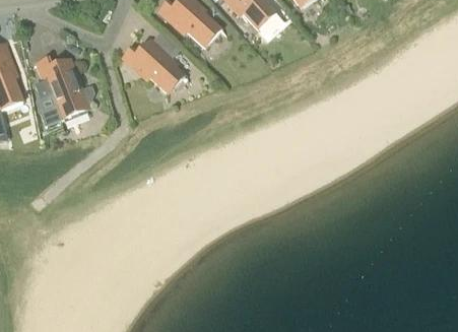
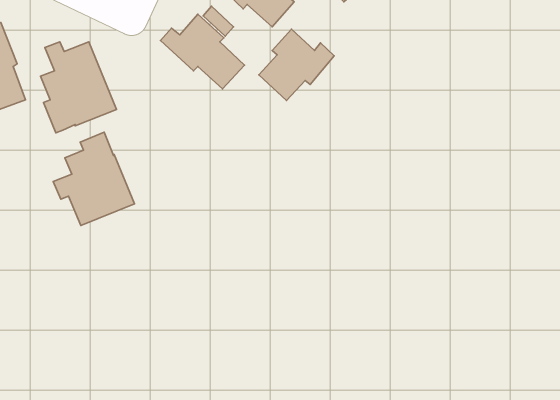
building: none -> [259,29,334,100]
building: none -> [53,132,134,226]

